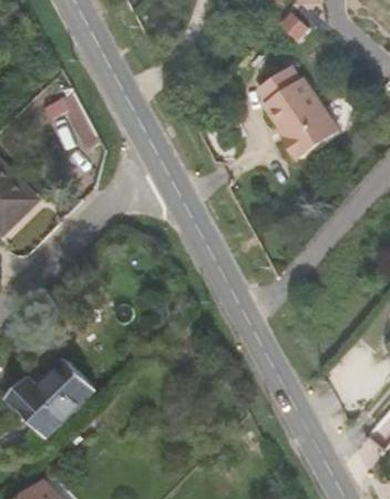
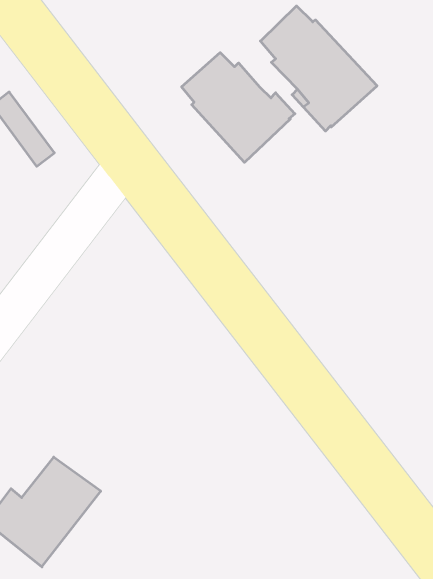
building: none -> [182,53,295,162]

